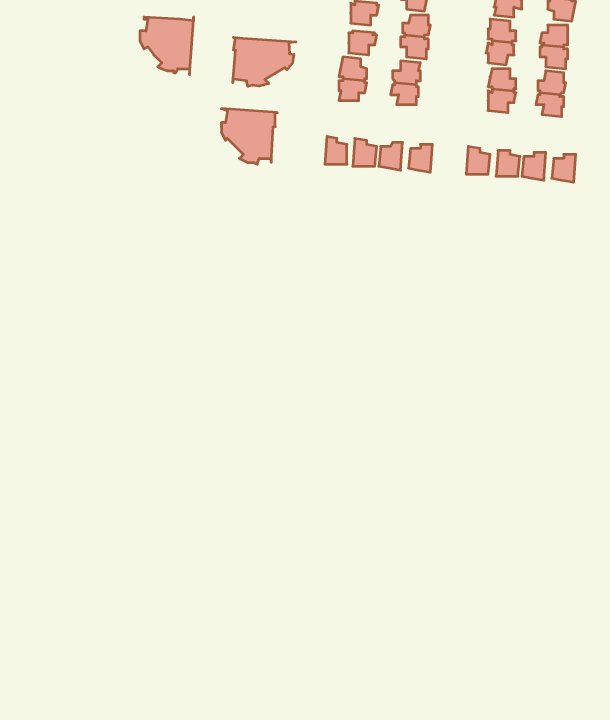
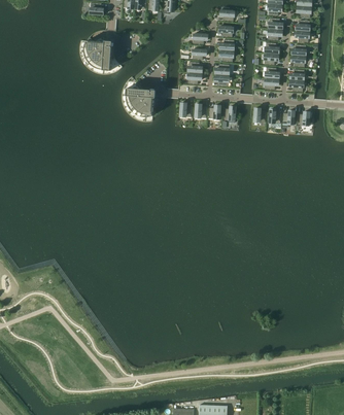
building: [233,37,296,86] -> none

